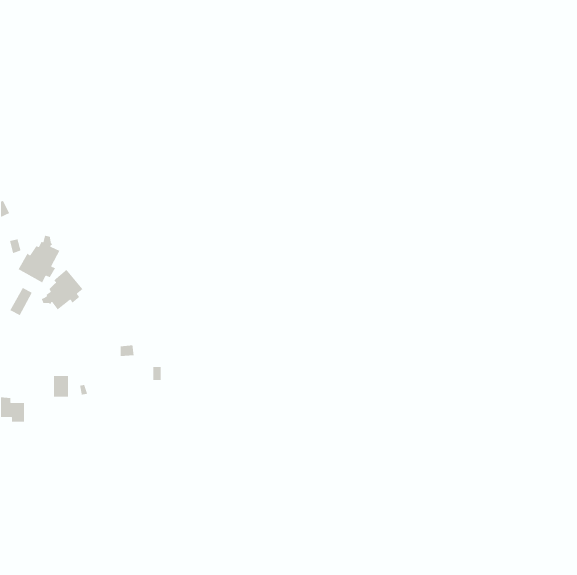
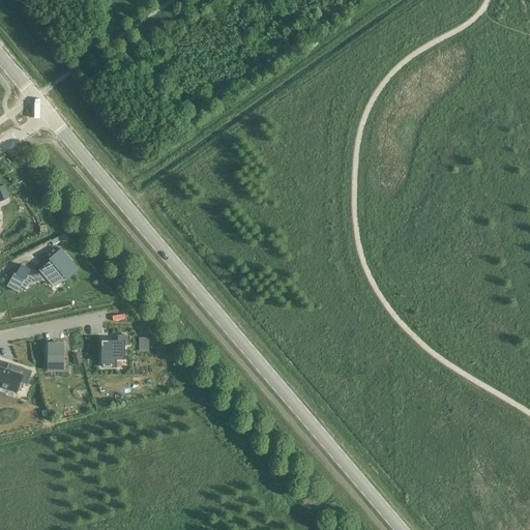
building: [18,235,61,283] -> none
building: none -> [102,334,128,364]

